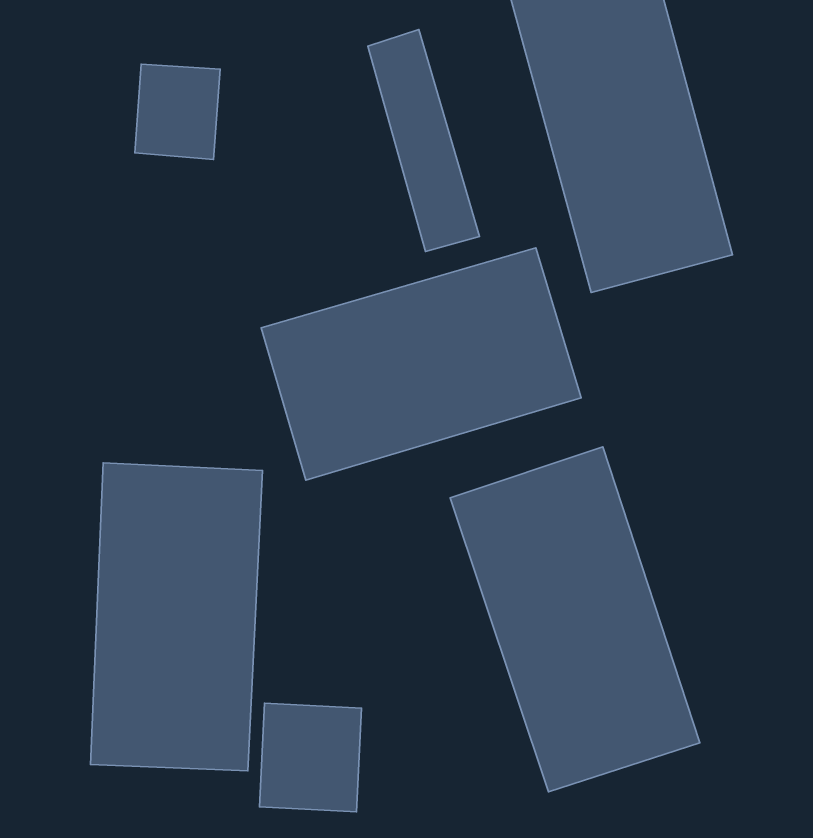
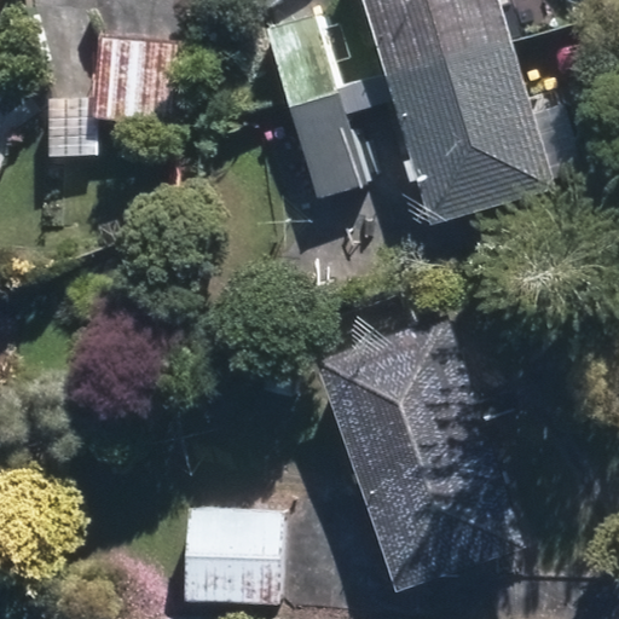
building: [261,248,581,480] -> none
building: [90,463,263,771] -> none

